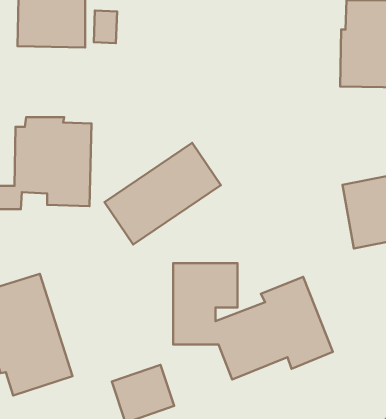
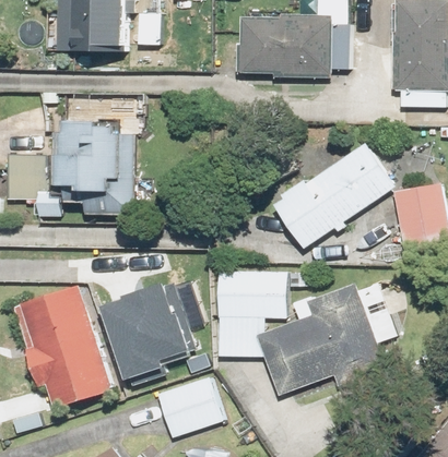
building: none -> [236,15,328,76]
building: [105,143,221,245] -> [274,143,394,248]
building: none -> [97,278,190,374]

